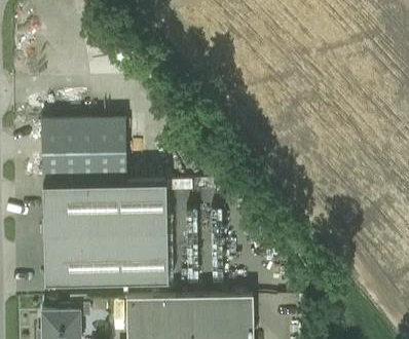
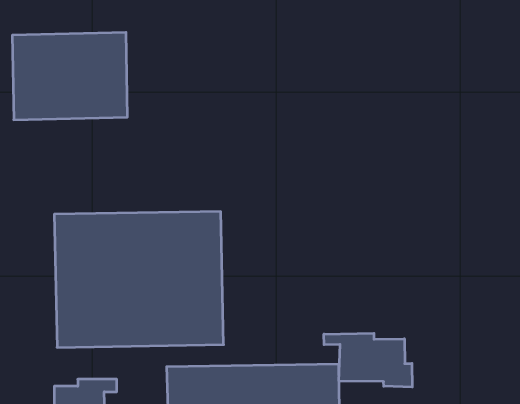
building: [41,120,126,185] -> [12,32,127,120]
building: none -> [324,333,412,387]

